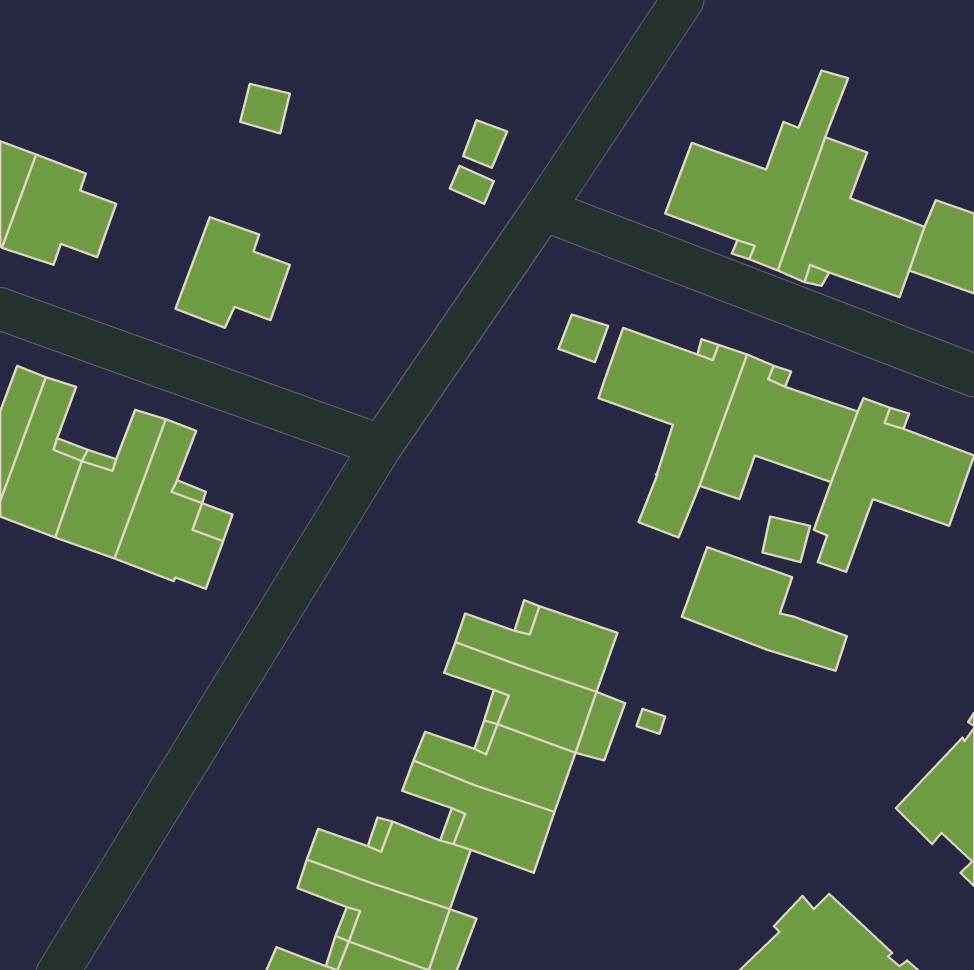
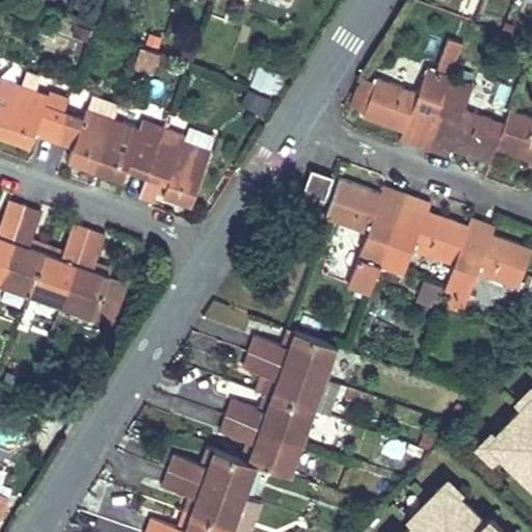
building: none -> [53,96,119,170]
building: none -> [148,130,211,206]
building: [682,547,847,671] -> none

